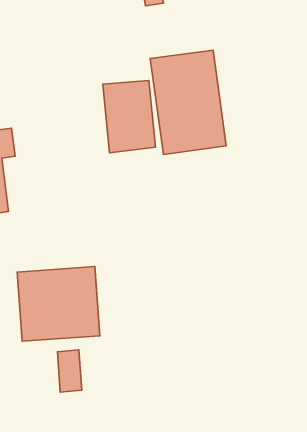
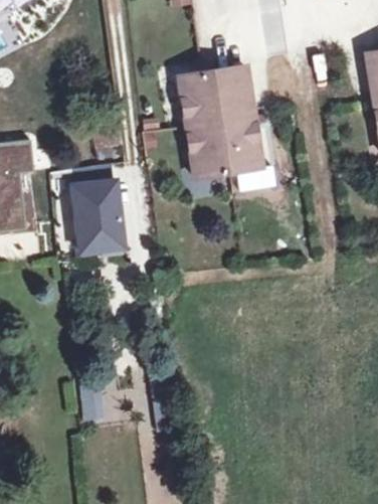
building: [103,80,156,153] -> [75,175,132,253]
building: [17,267,100,341] -> none

